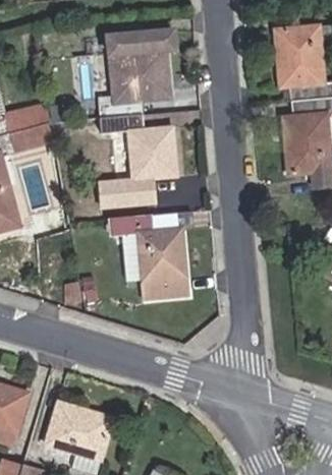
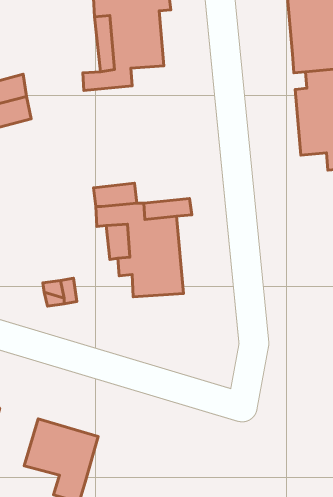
building: [100,113,174,178] -> none

